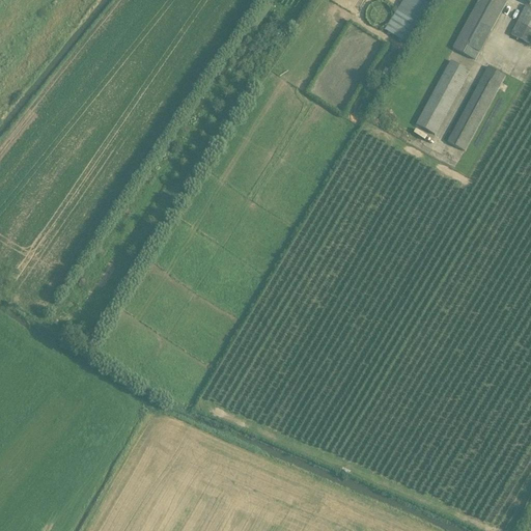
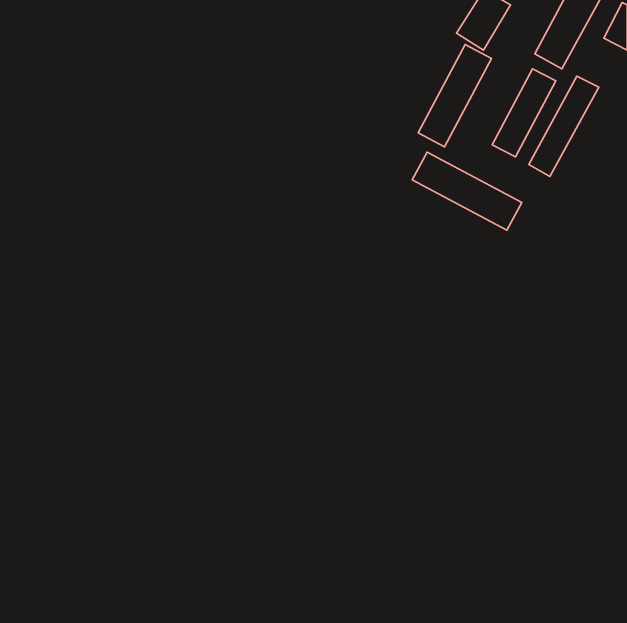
building: none -> [418,45,491,147]
building: none -> [412,152,522,230]

